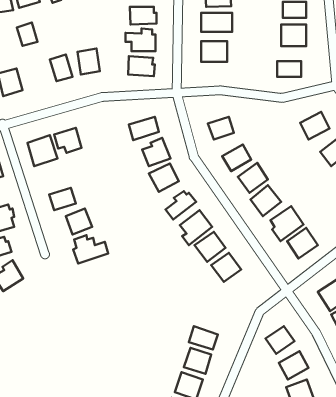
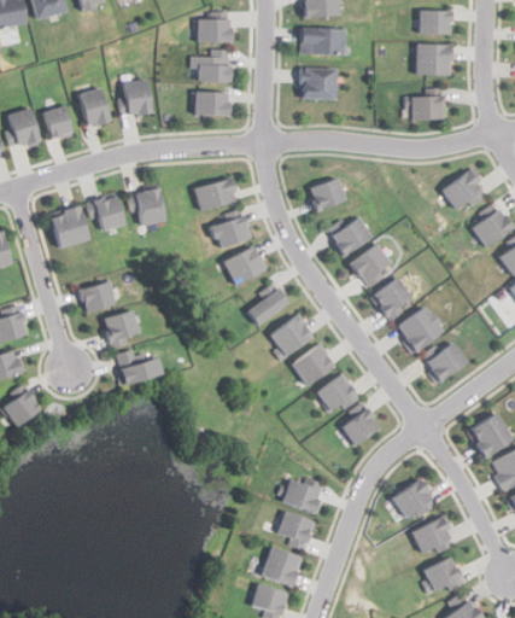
building: [17,23,37,46] -> [43,104,74,138]
building: none -> [130,186,169,226]
building: none -> [341,408,380,445]

